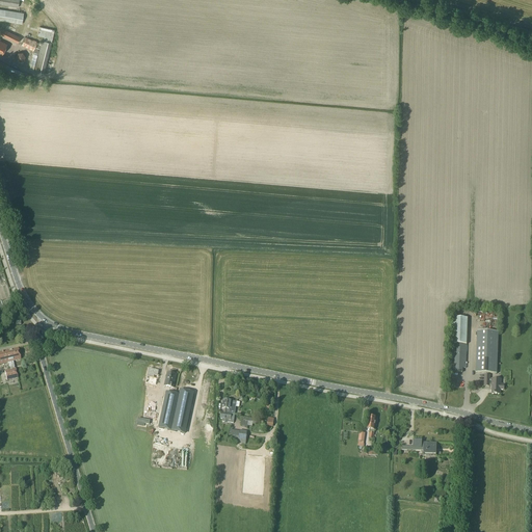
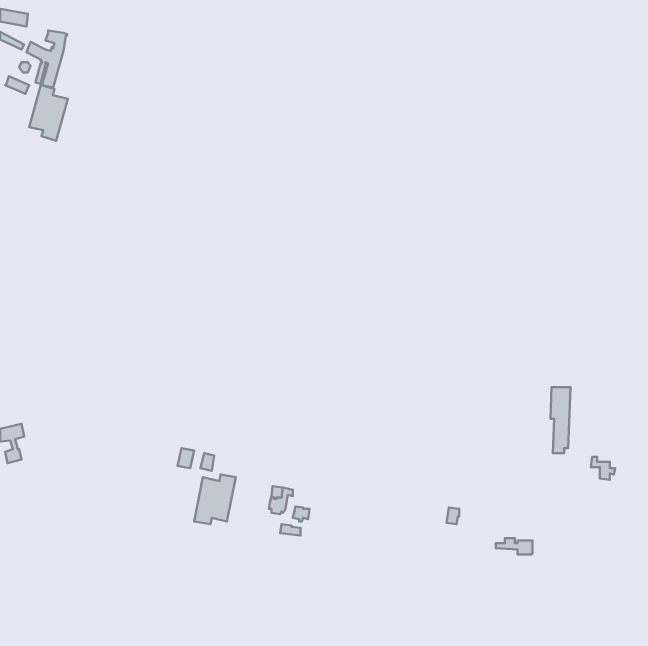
building: none -> [29,85,68,141]
building: [476,329,498,372] -> none

